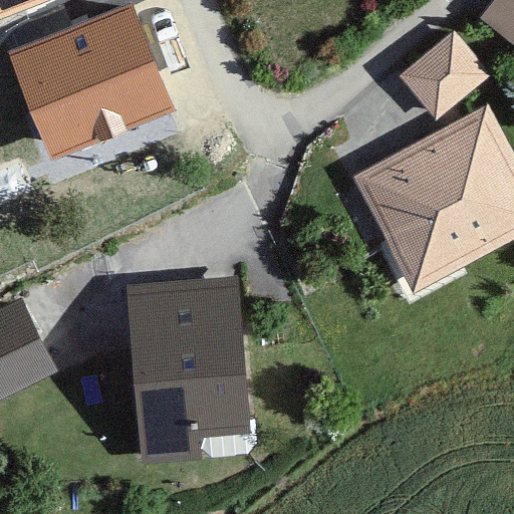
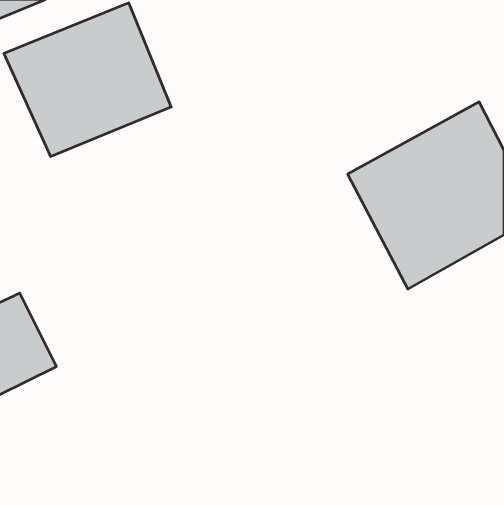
building: [399,30,491,120] -> none
building: [126,277,251,463] -> none

